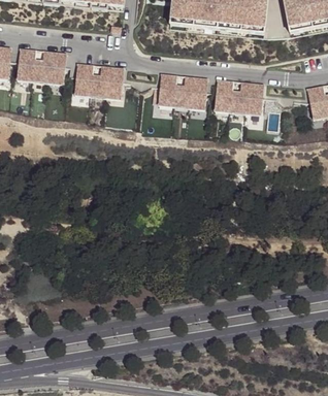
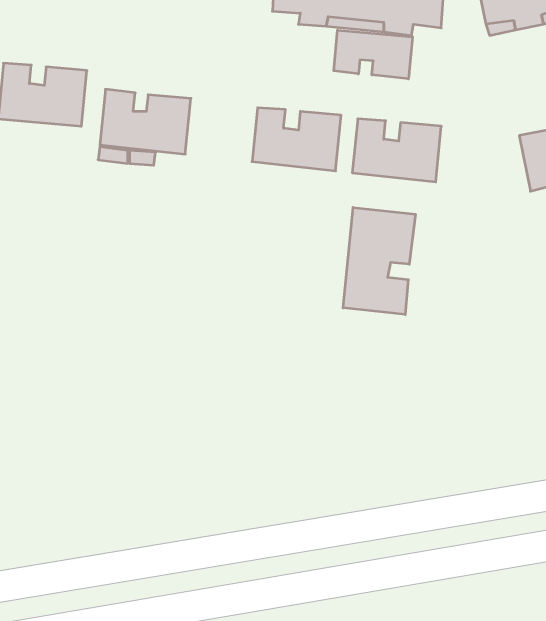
building: none -> [334,30,413,79]
building: none -> [343,207,415,315]

